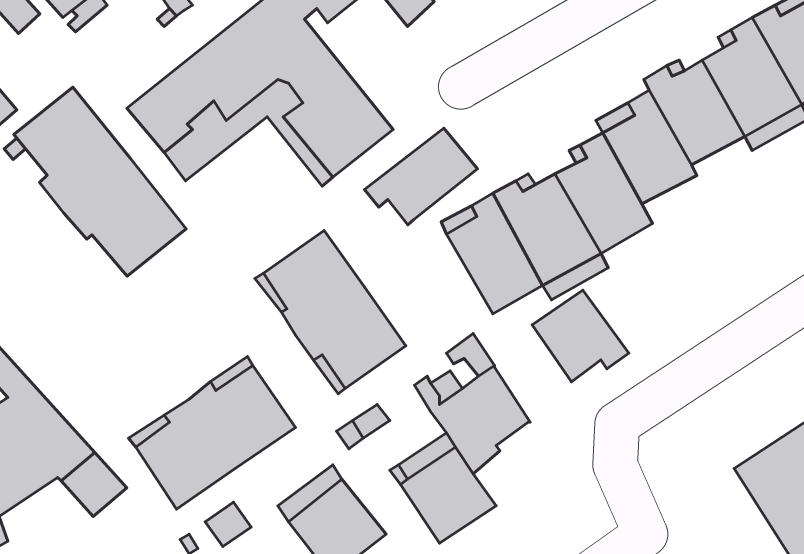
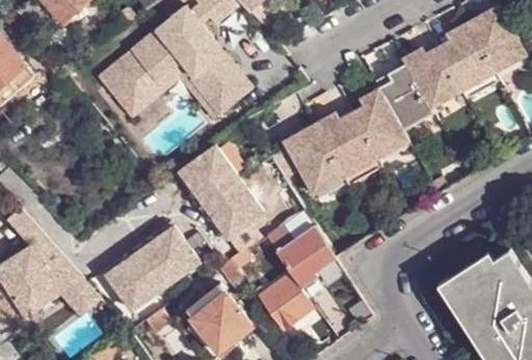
building: [14,87,186,276] -> none
building: [364,128,477,225] -> none
building: [532,290,629,382] -> none

